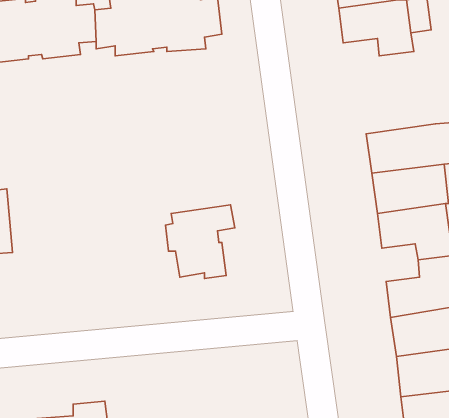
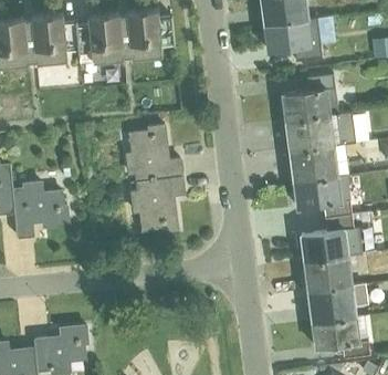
building: none -> [282,73,338,121]
building: none -> [125,124,181,181]
building: none -> [12,180,69,237]

